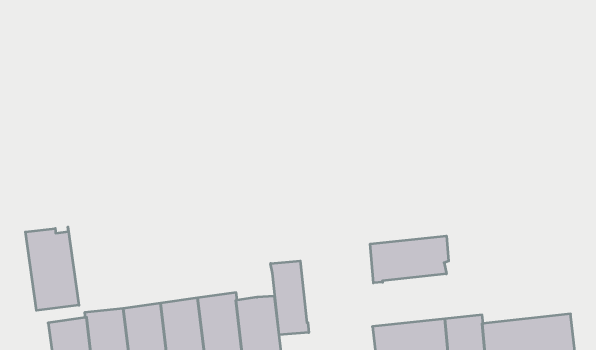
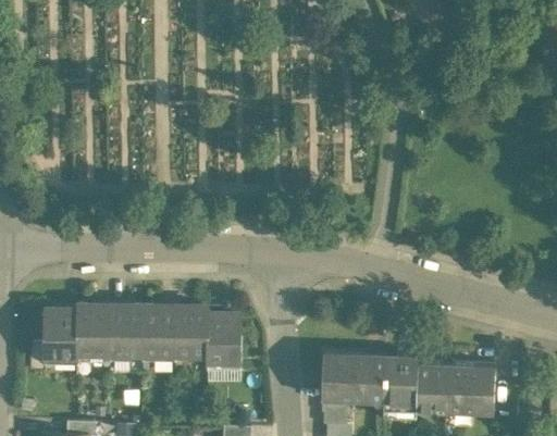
building: [25,227,79,310] -> none
building: [370,236,449,283] -> none
building: [271,261,309,335] -> none

